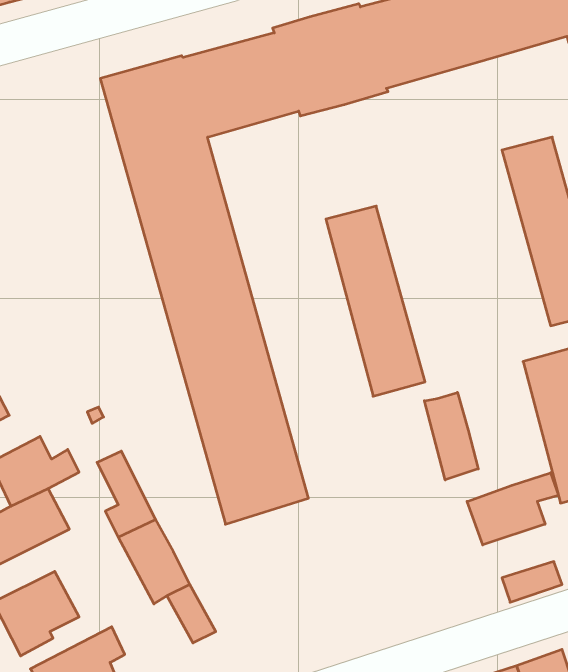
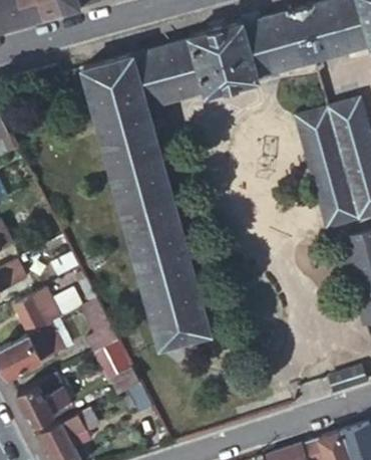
building: [326,206,425,396] -> [299,113,360,231]
building: [424,392,478,480] -> none
building: [467,473,558,545] -> none

